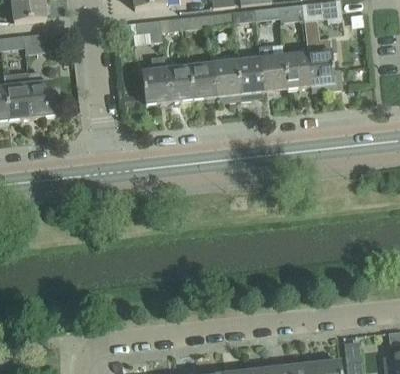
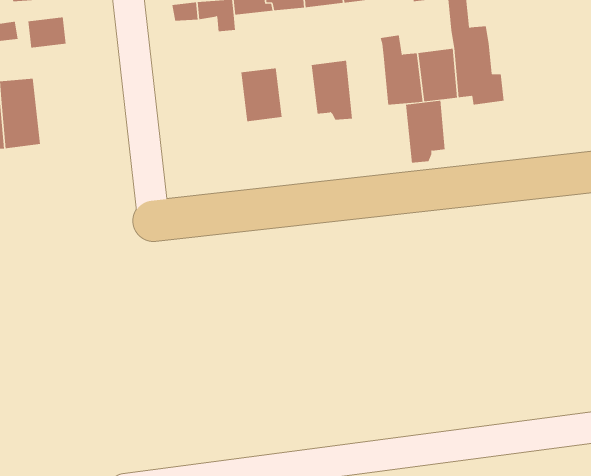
building: [141,55,169,104] -> none
building: [236,57,263,99] -> [405,100,446,163]
building: [189,63,216,98] -> none
building: [27,70,56,116] -> none

